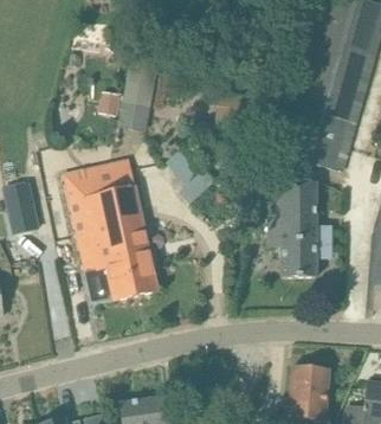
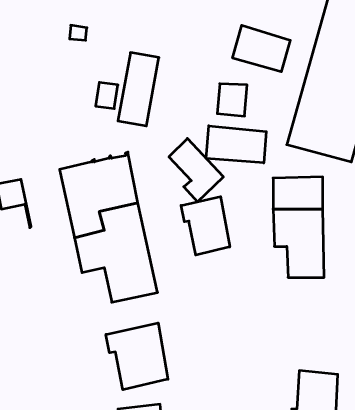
building: none -> [233,25,290,72]
building: none -> [206,126,266,163]
building: none -> [181,197,230,255]
building: none -> [106,323,168,390]

